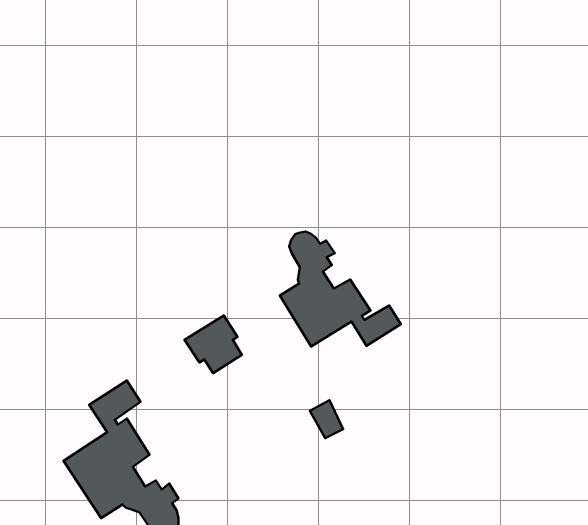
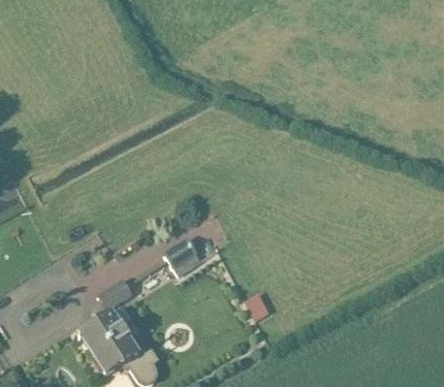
building: [280,231,401,347] -> none

